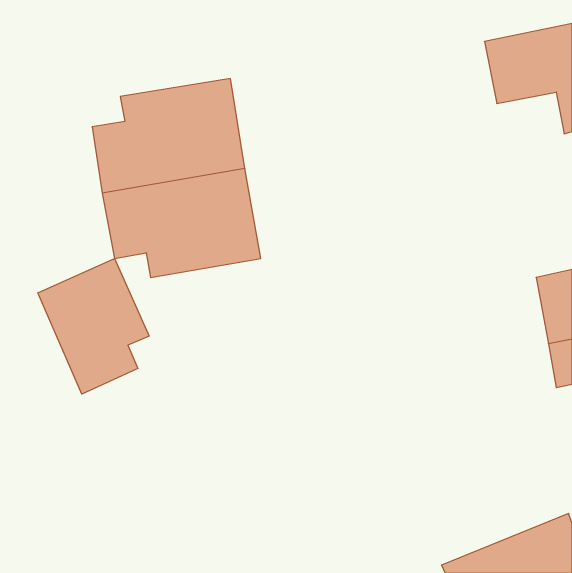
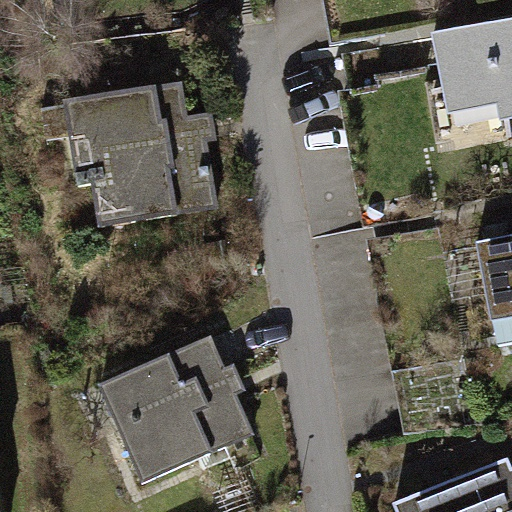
building: [38,259,149,394] -> none
building: none -> [112,338,250,483]

